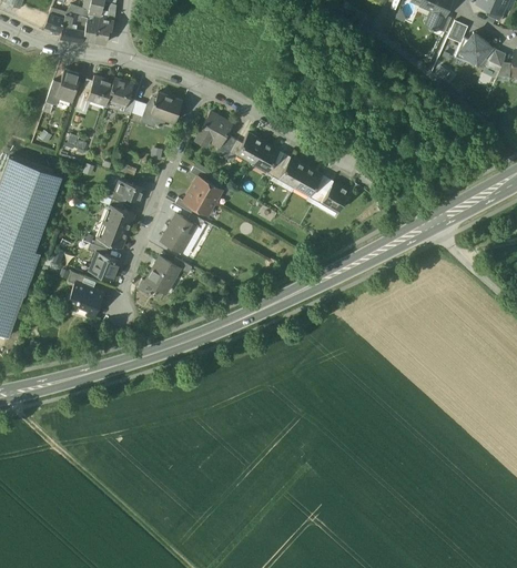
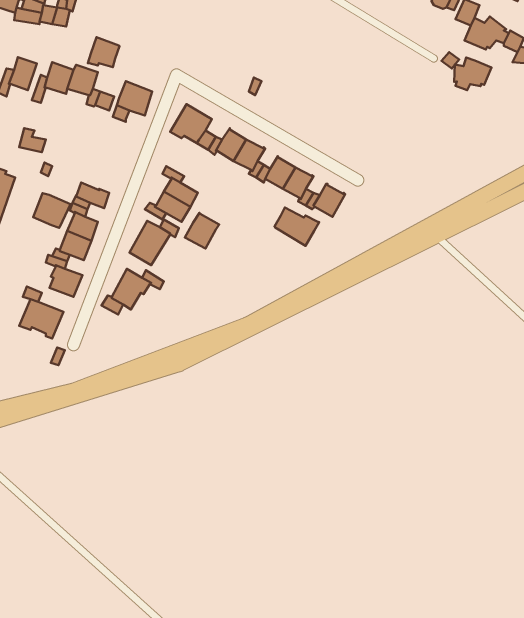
building: none -> [88,37,119,67]
building: none -> [454,57,492,90]
building: none -> [33,193,71,228]
building: none -> [274,207,319,246]
building: none -> [185,213,219,248]

